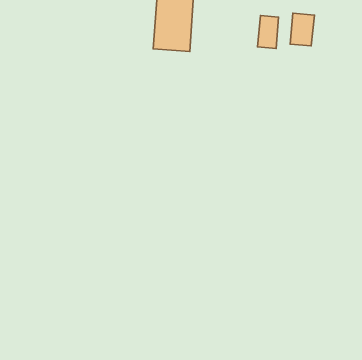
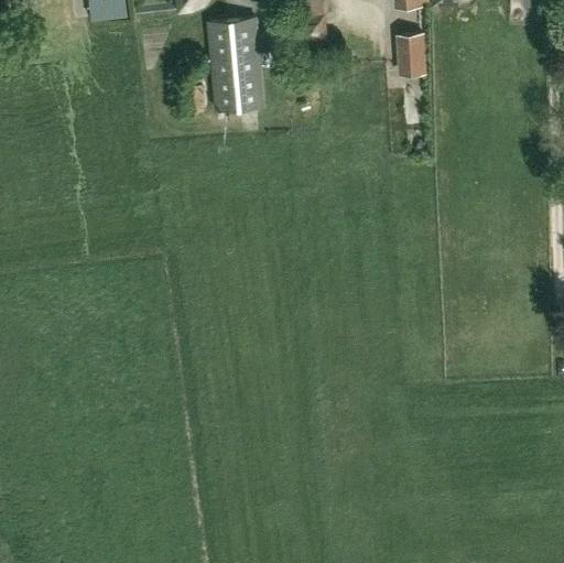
building: [257,16,279,48] -> none

